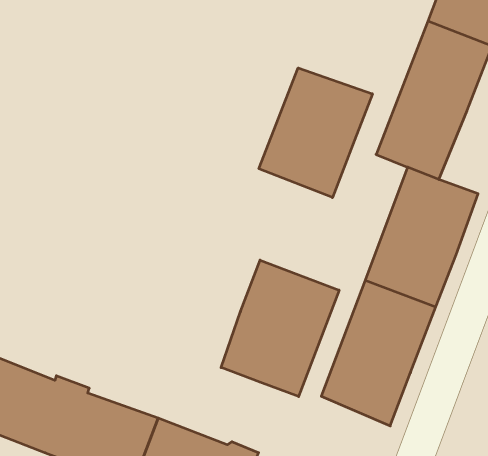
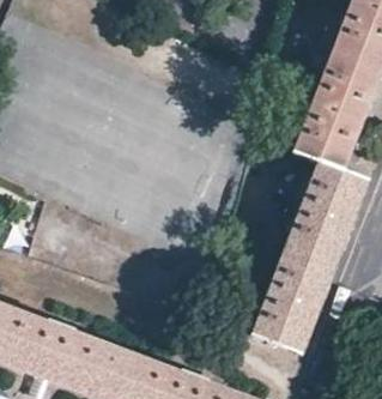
building: [259,68,372,198] -> none
building: [221,260,339,397] -> none

